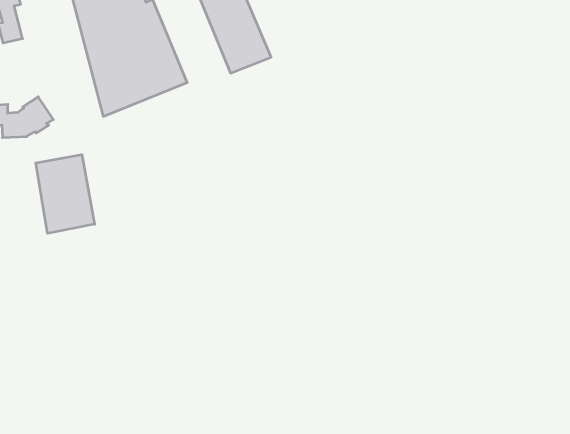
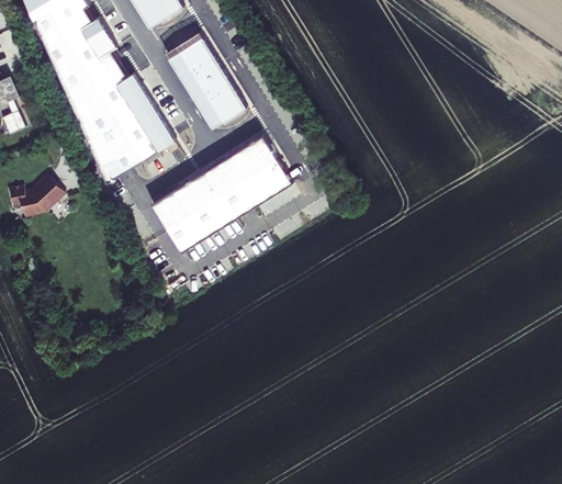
building: none -> [151,136,291,251]
building: [36,155,95,233] -> none

